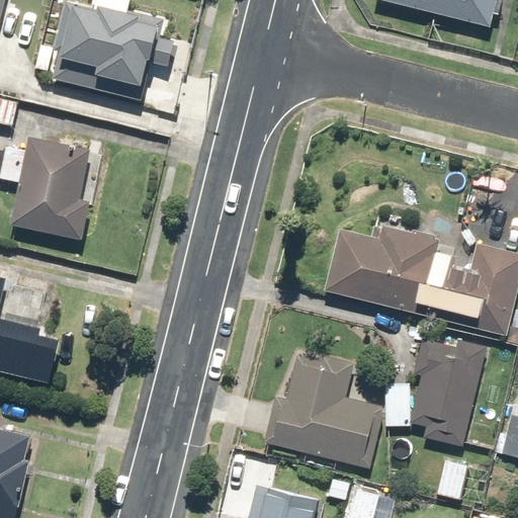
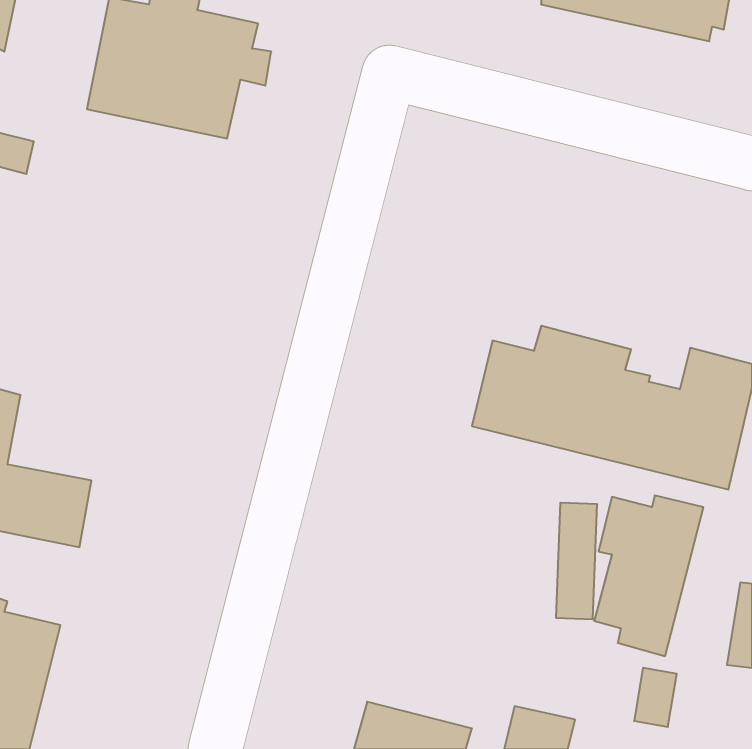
building: [6,131,101,234] -> none
building: [271,362,375,467] -> none

